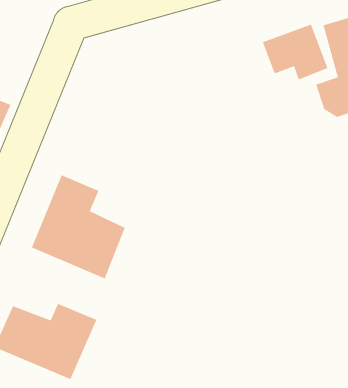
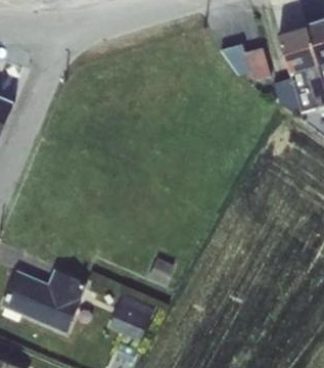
building: [31,174,126,279] -> none
building: none -> [111,291,155,336]

